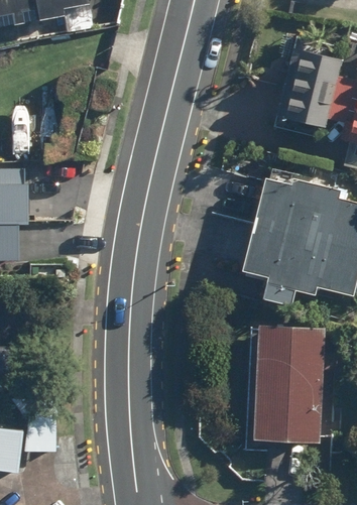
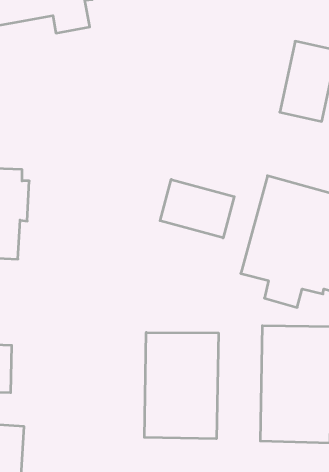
building: none -> [160,179,234,238]
building: none -> [144,332,218,439]

